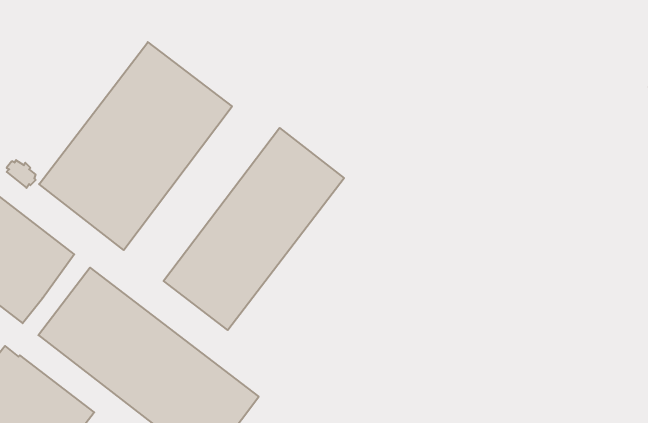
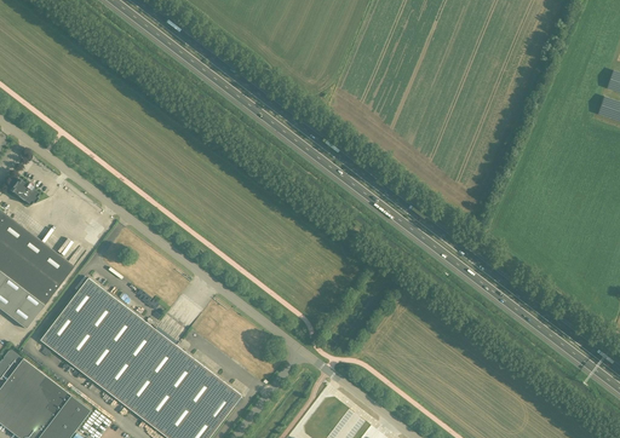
building: [39,42,232,250] -> none
building: [164,128,344,330] -> none

